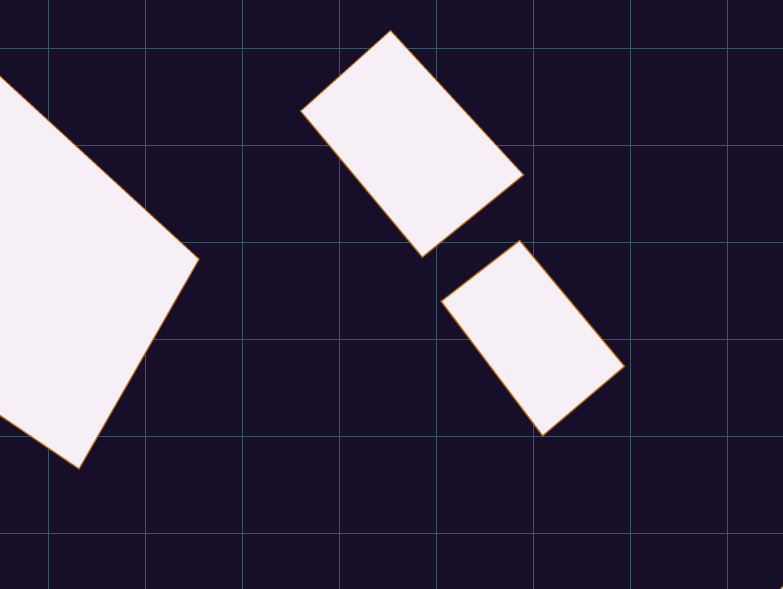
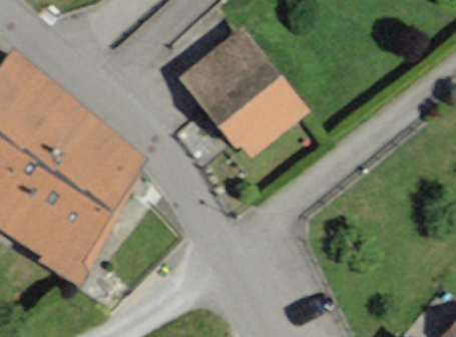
building: [441,241,624,436] -> none

